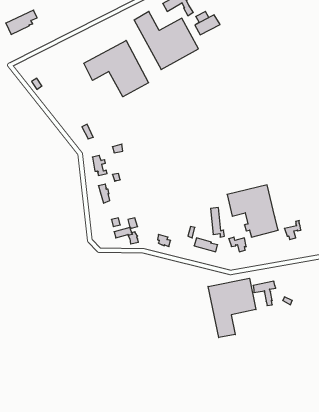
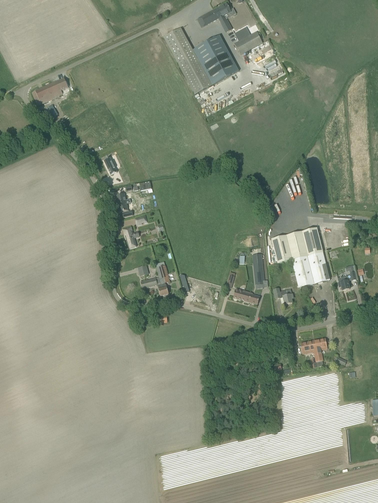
building: [6,10,37,34] -> [32,77,68,105]
building: [84,40,149,97] -> none
building: [208,278,256,338] -> none

